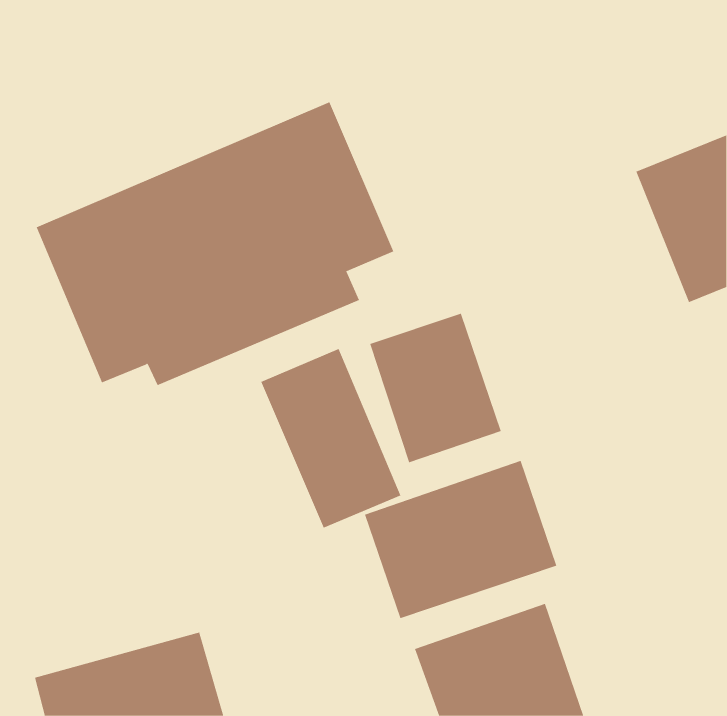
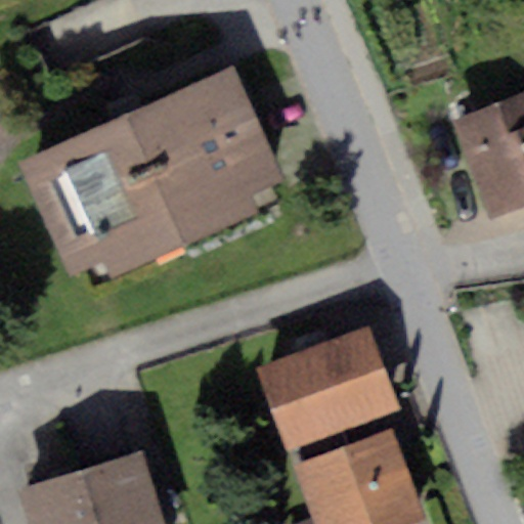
building: [369,313,502,463] -> none
building: [261,348,401,529] -> none

